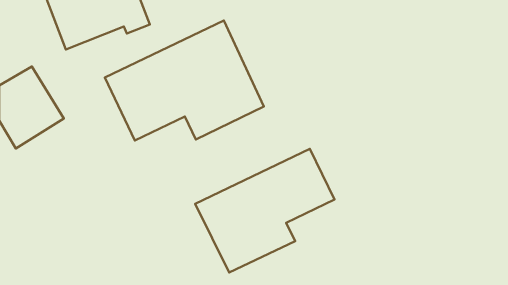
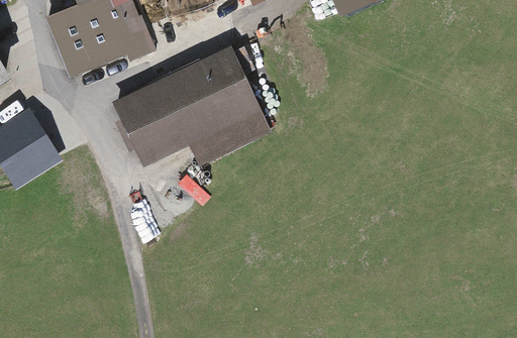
building: [195,149,334,273] -> none

